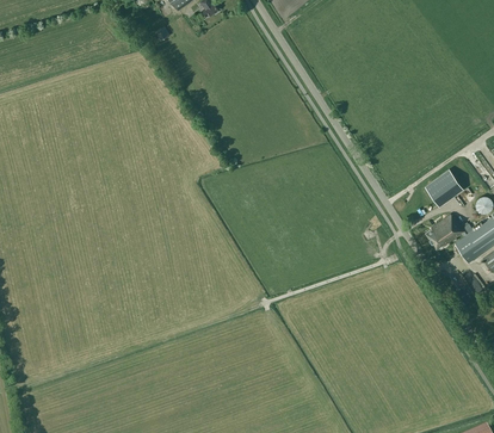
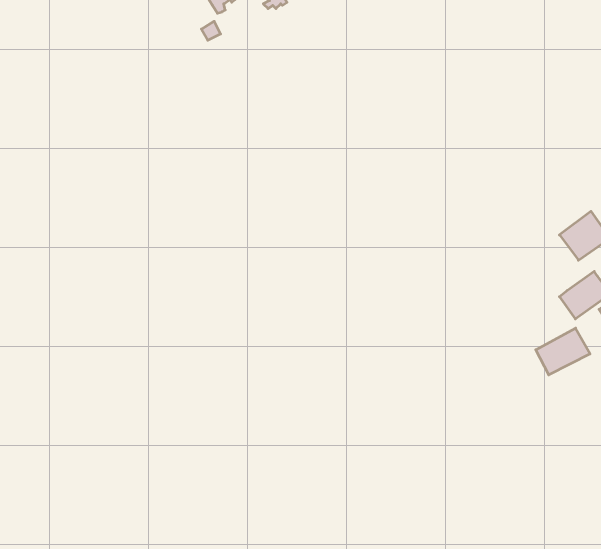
building: none -> [536,328,590,375]

